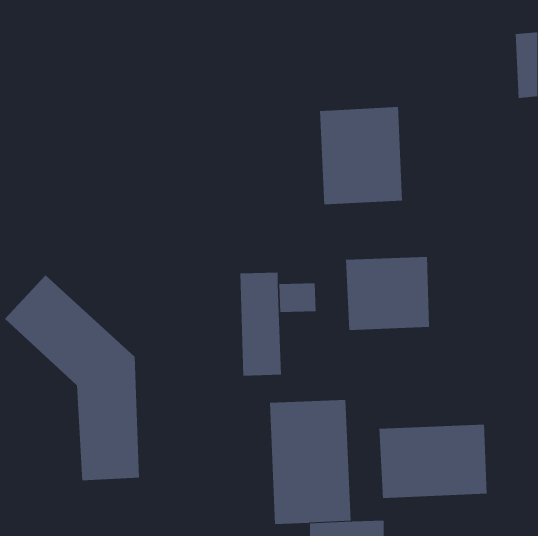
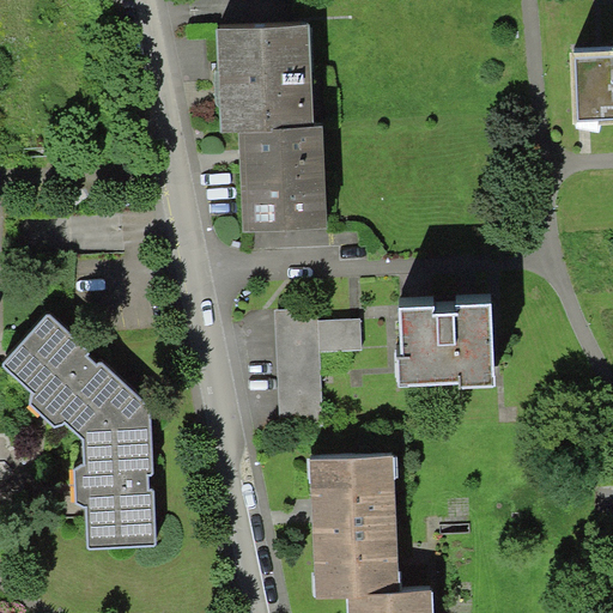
building: none -> [213,23,309,120]
building: [319,106,403,205] -> [242,122,336,233]
building: [379,424,487,499] -> none

